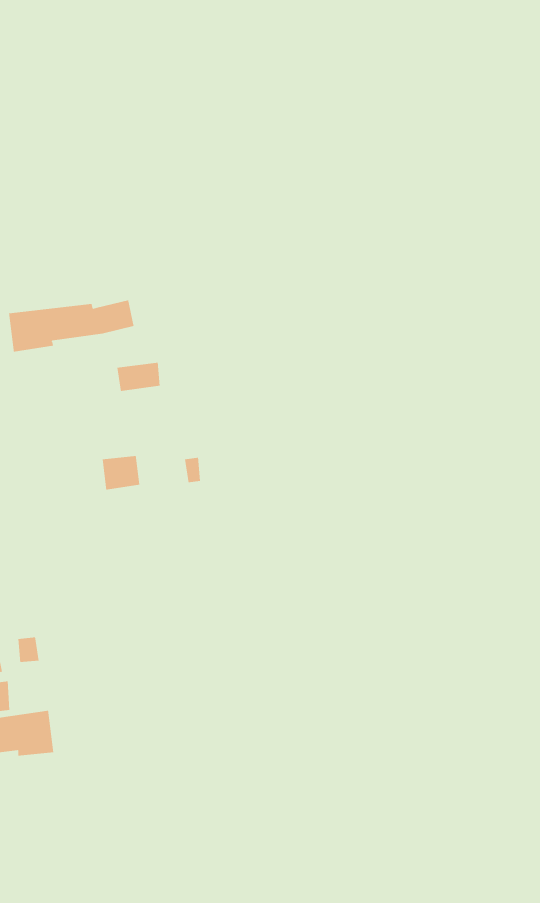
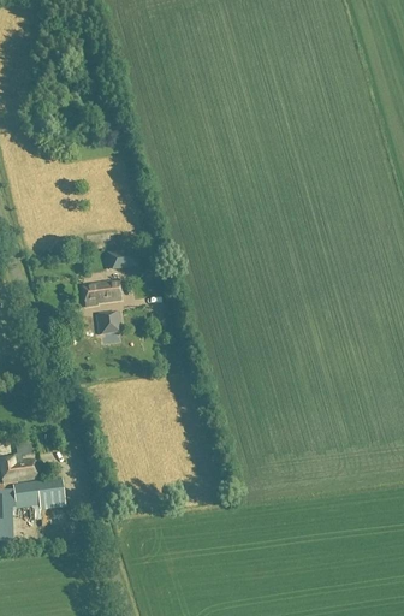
building: [8,299,134,353] -> none
building: none -> [82,282,120,307]

